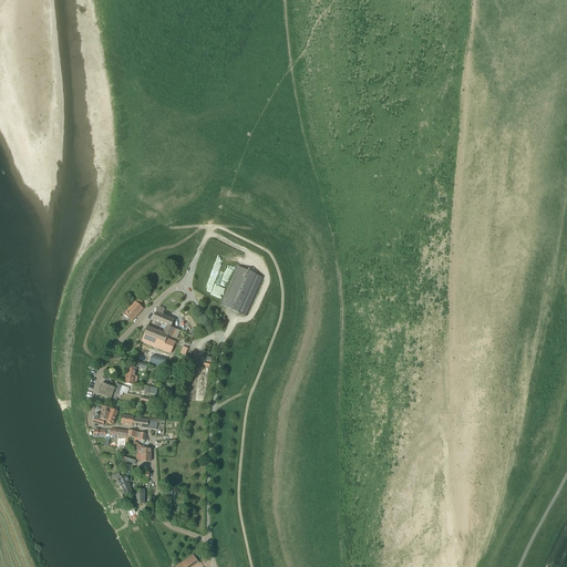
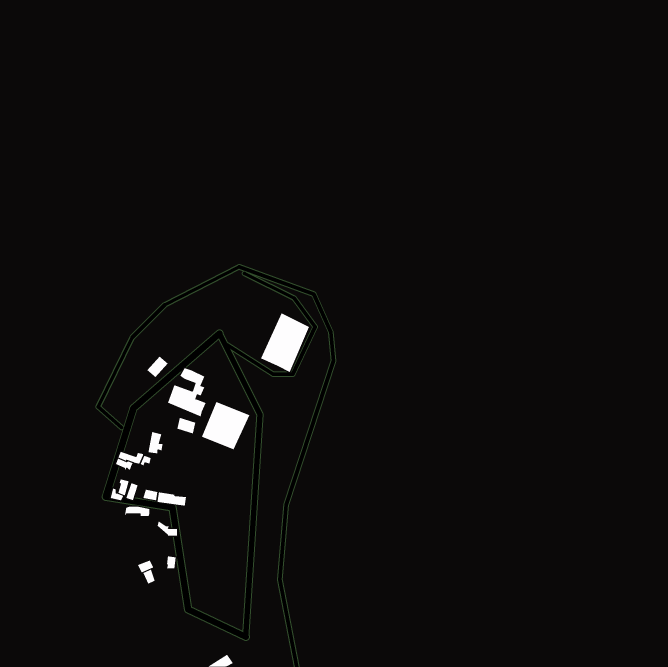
building: none -> [201,401,250,450]

